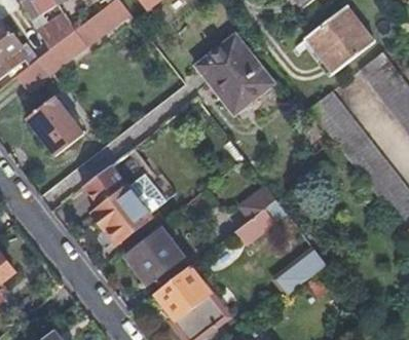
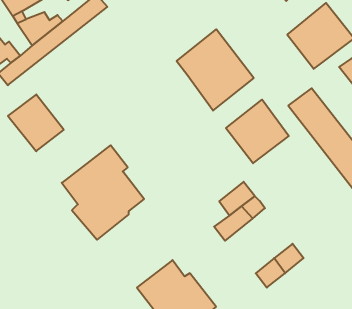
building: none -> [226,100,289,163]
building: [126,224,183,285] -> none

